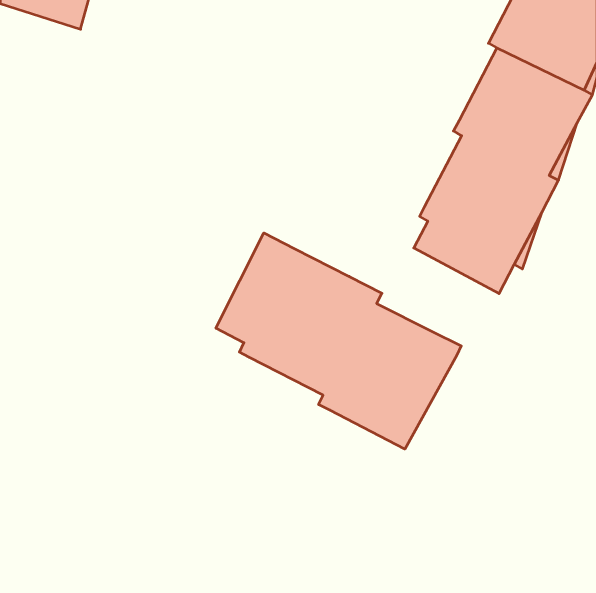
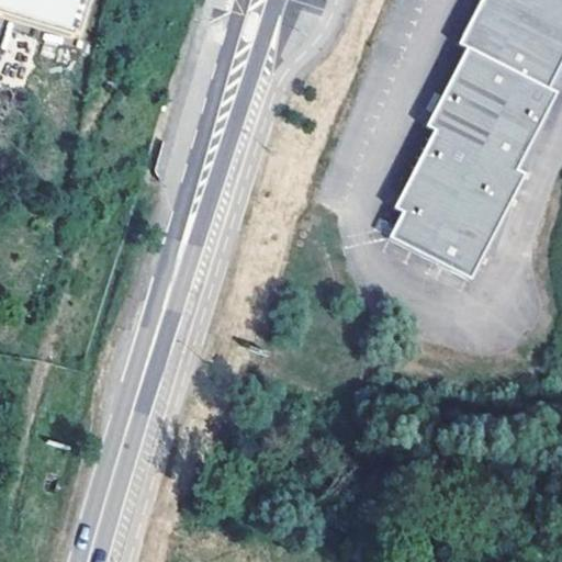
building: [216,233,461,449] -> none

